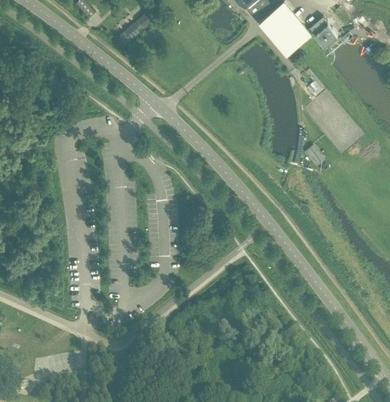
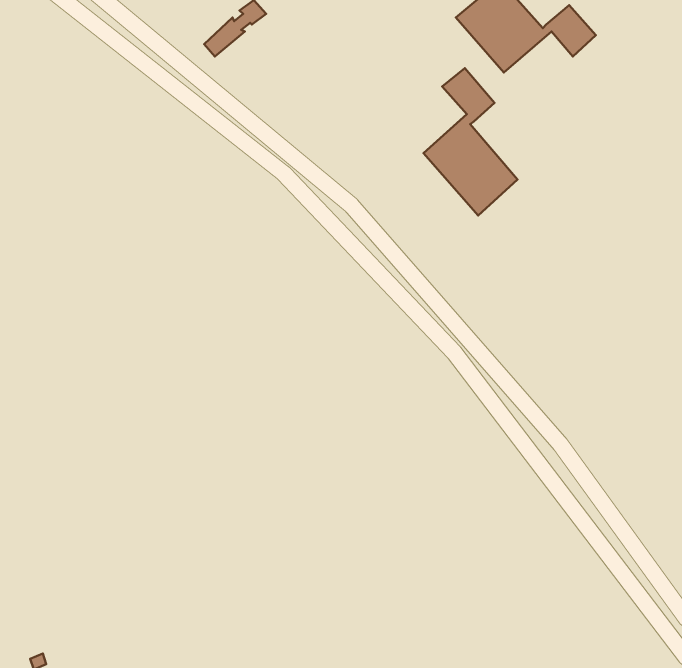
building: none -> [424,68,518,215]

